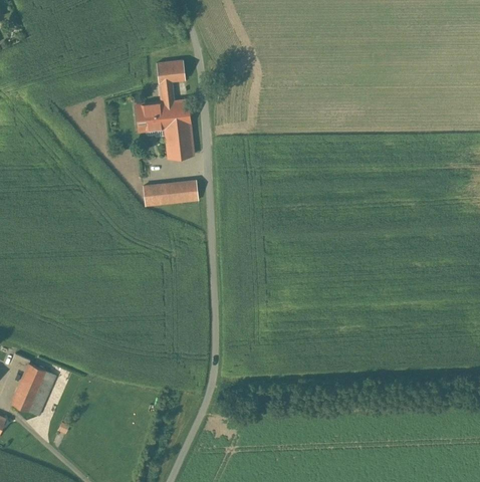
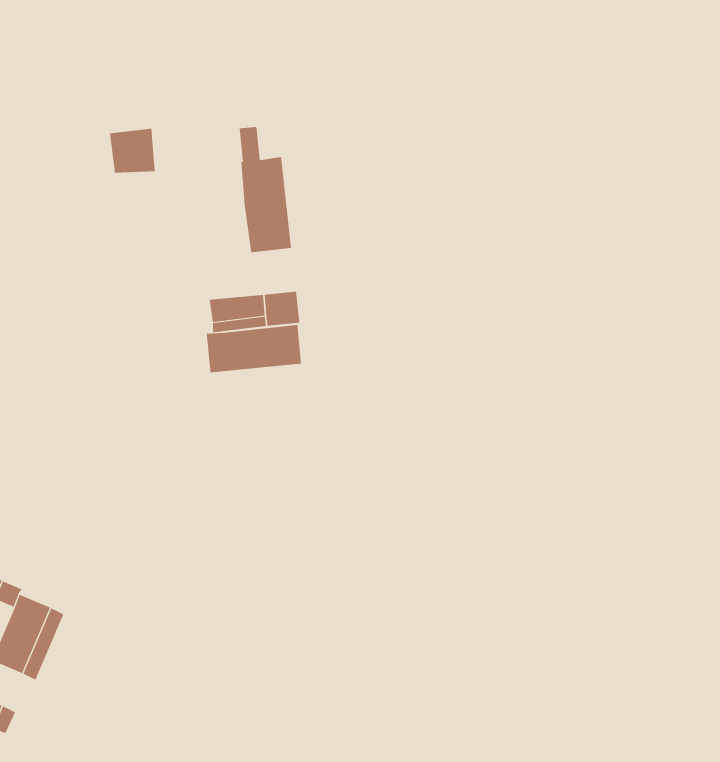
building: [157,61,185,83] -> none
building: [136,103,164,131] -> [109,128,156,173]
building: none -> [206,324,302,373]

